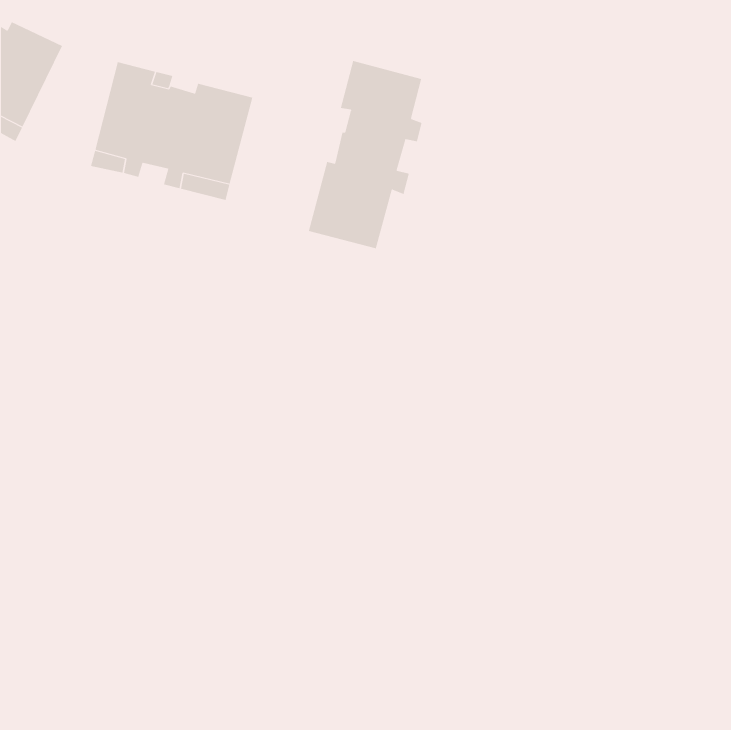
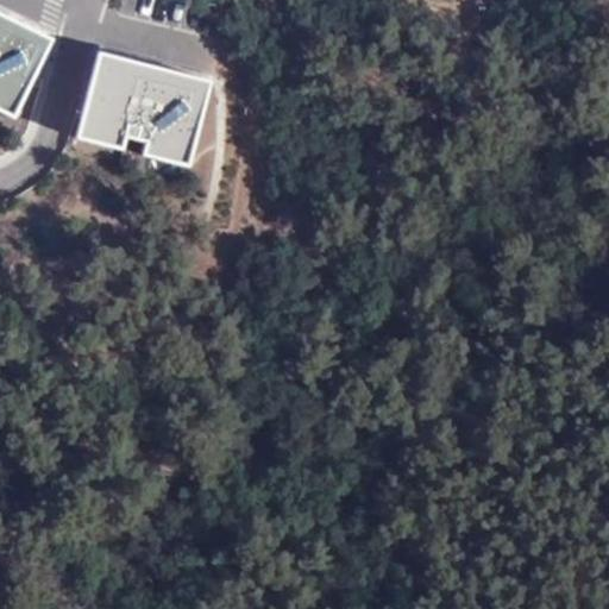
building: [308,60,422,249] -> none

